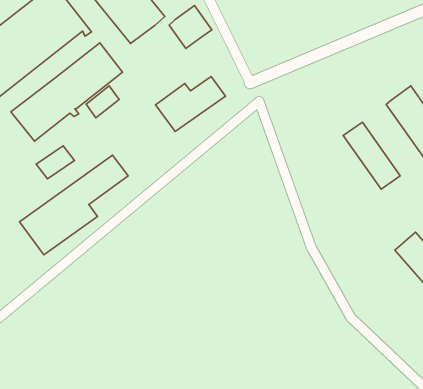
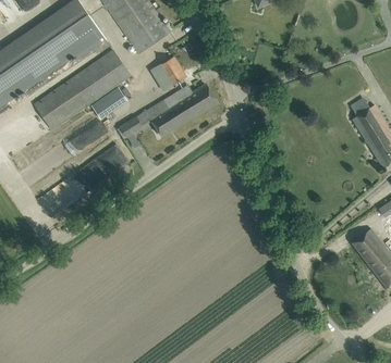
building: [169,5,212,48] -> [149,55,185,91]
building: none -> [120,105,171,136]
building: [343,122,400,189] -> none

